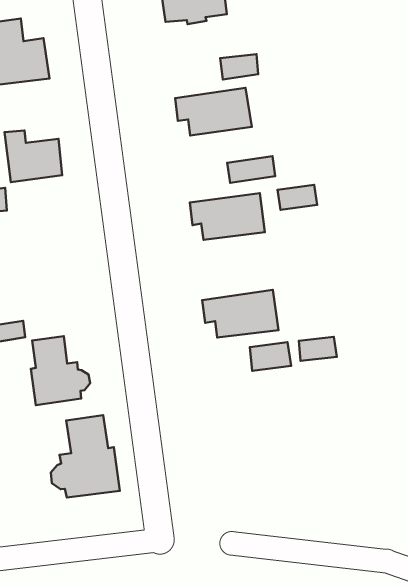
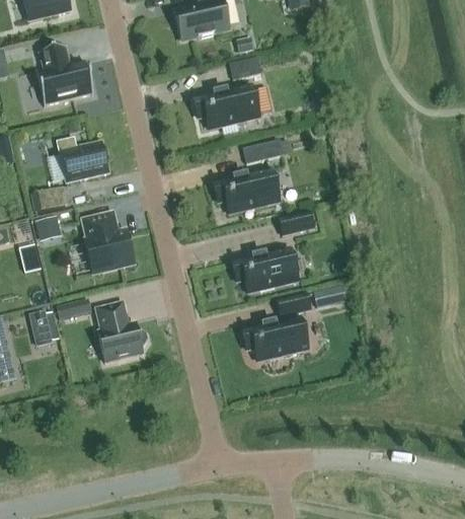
building: [278,185,317,210] -> [280,211,313,234]
building: none -> [85,215,135,273]
building: none -> [244,317,309,360]
building: [51,415,120,498] -> none

